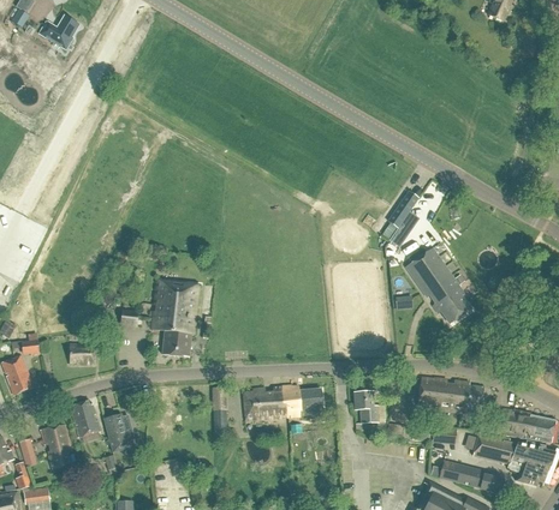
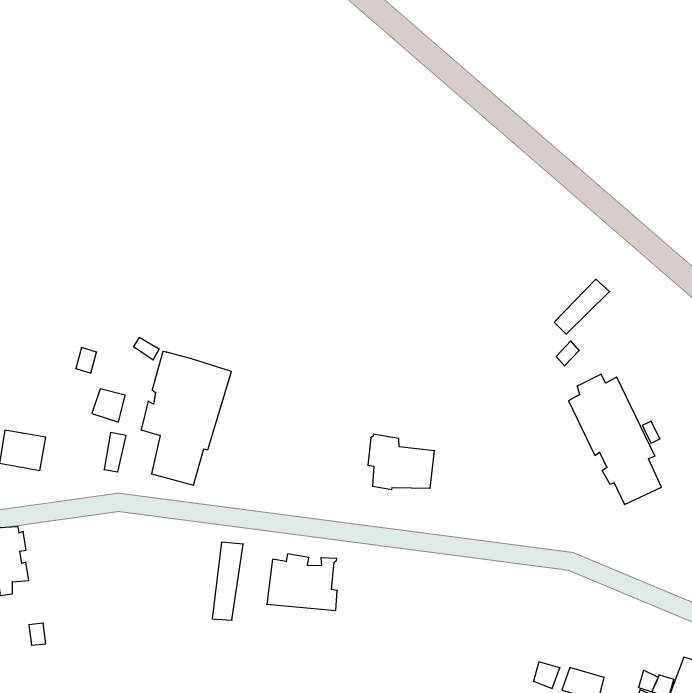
building: [416,377,483,412] -> none
building: [281,385,322,416] -> [368,434,435,490]
building: [353,390,377,422] -> none
building: [103,414,144,456] -> none

